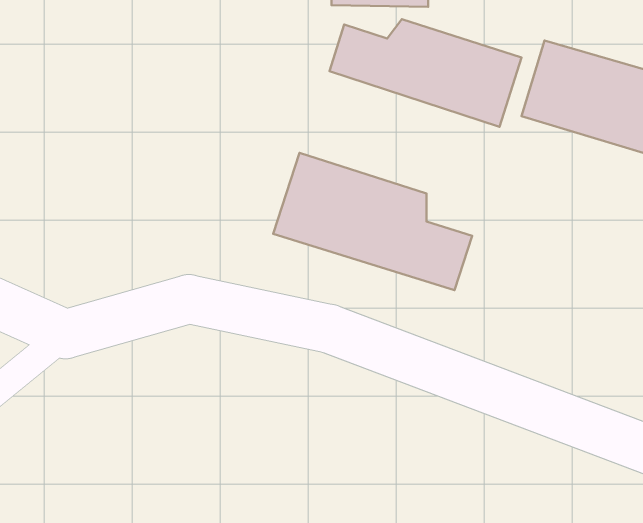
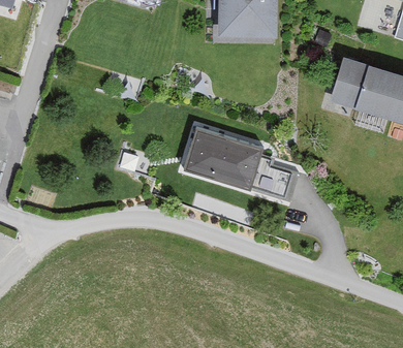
building: [330,19,521,127] -> none

